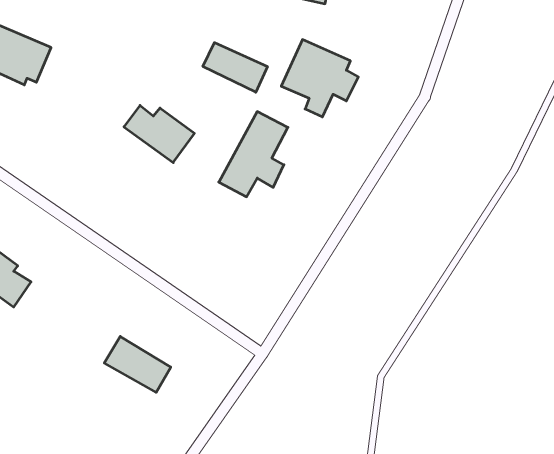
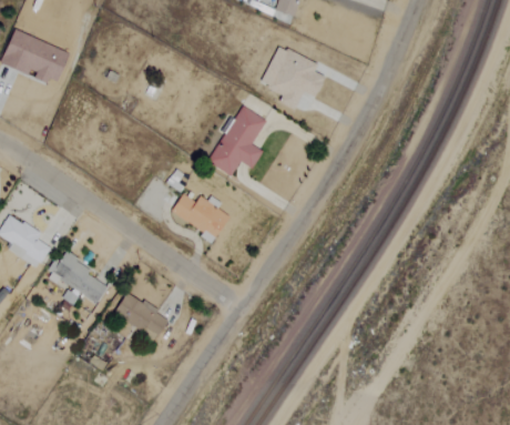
building: [203,43,267,92] -> none
building: [124,105,194,163] -> [171,193,230,241]
building: none -> [49,251,108,303]

